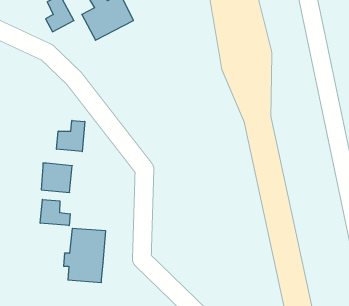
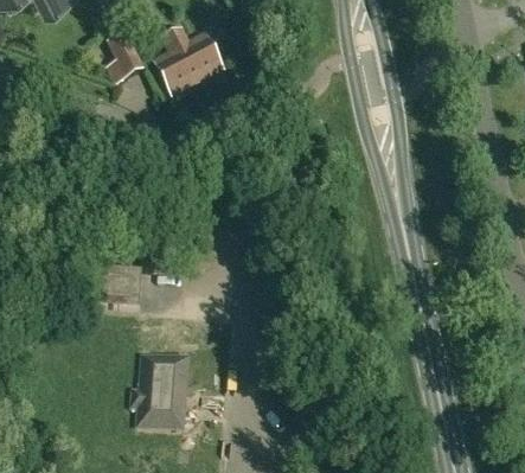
building: [57,120,85,152] -> none
building: [40,199,70,226] -> none

